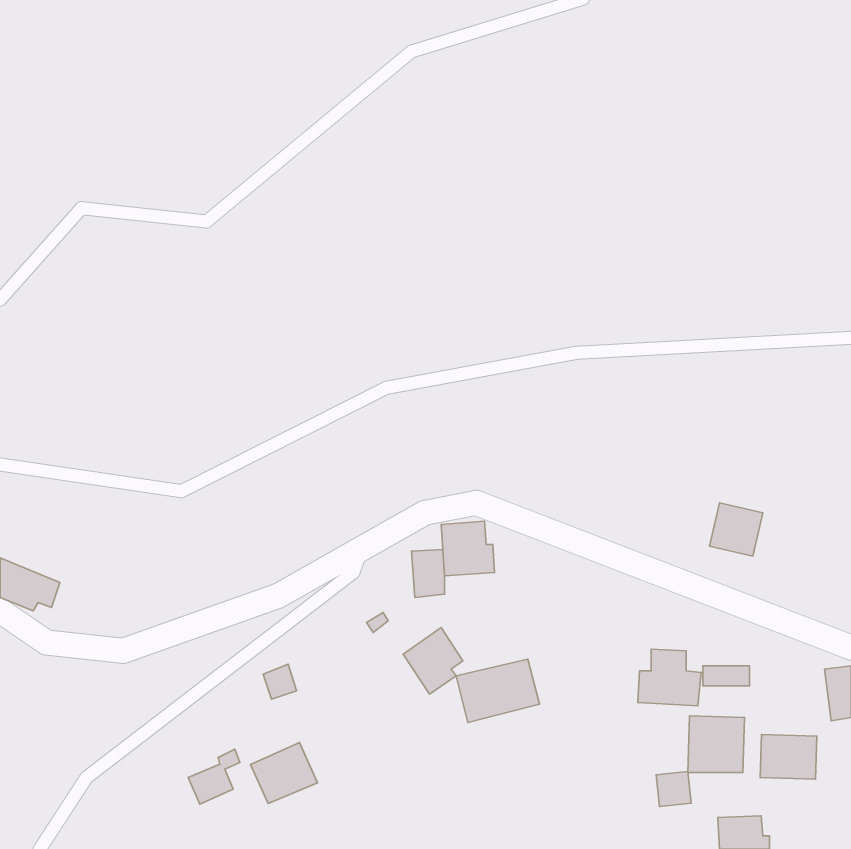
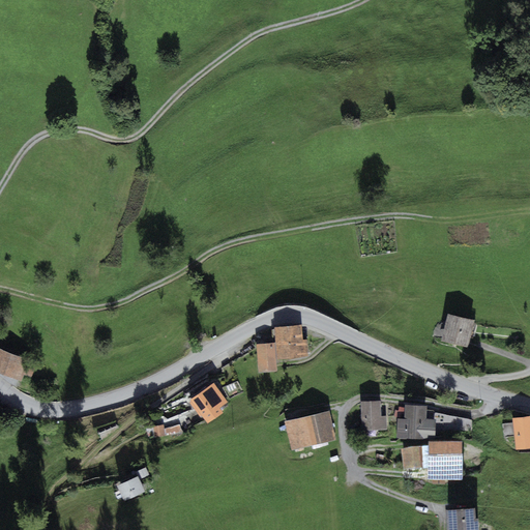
building: [403,628,463,694] -> [189,381,227,422]
building: none -> [361,400,387,430]
building: [760,735,817,779] -> none
building: [251,743,317,804] -> none
building: [656,771,691,806] -> [401,449,422,471]

